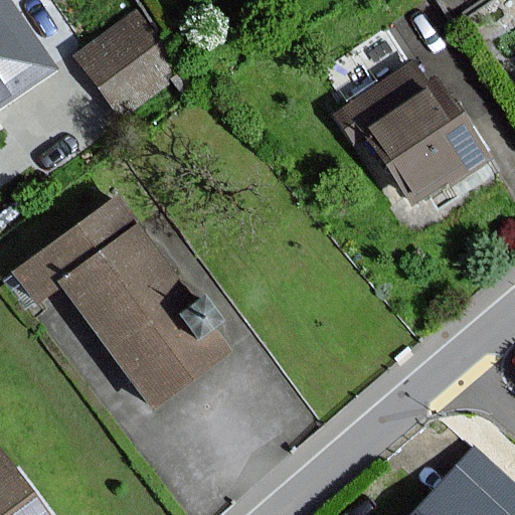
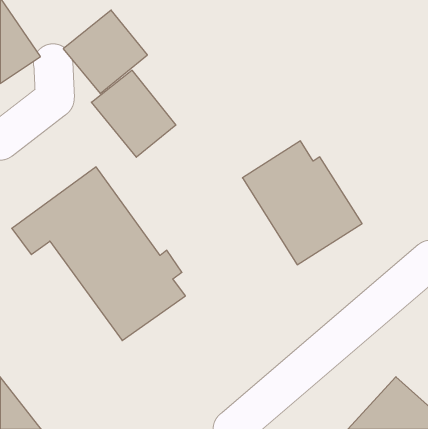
building: [344,59,487,207] -> [242,141,362,265]
building: none -> [91,70,176,157]

